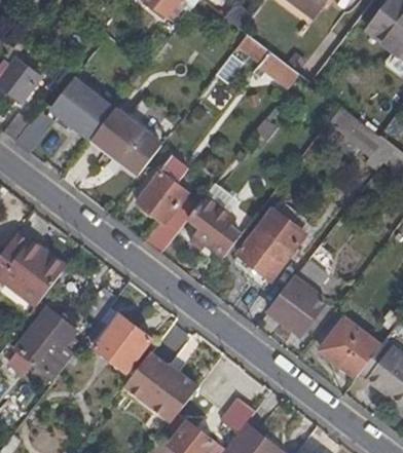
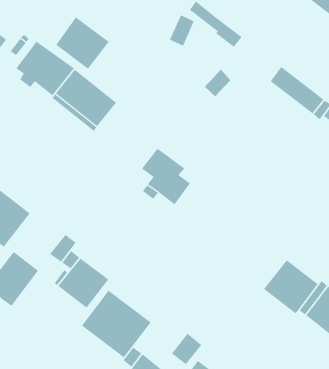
building: none -> [55,16,109,70]
building: [137,156,194,250] -> none
building: [234,209,305,288] -> none
building: [270,261,328,334] -> none

